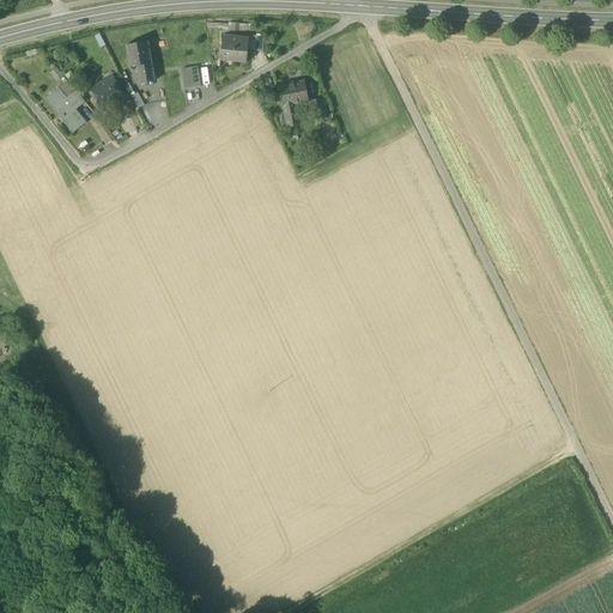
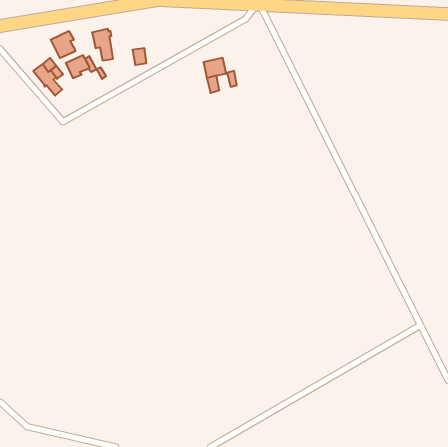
building: [220,35,249,60] -> none
building: none -> [51,31,75,58]

